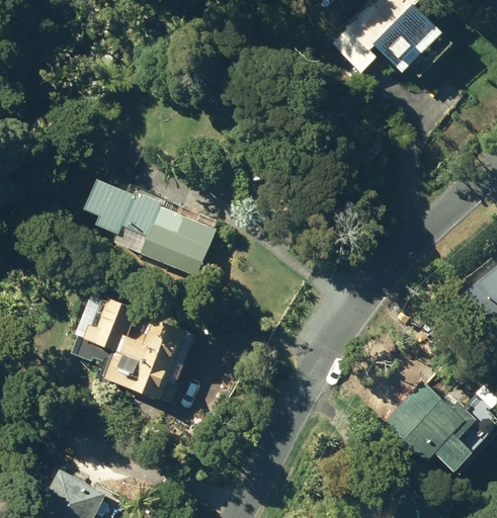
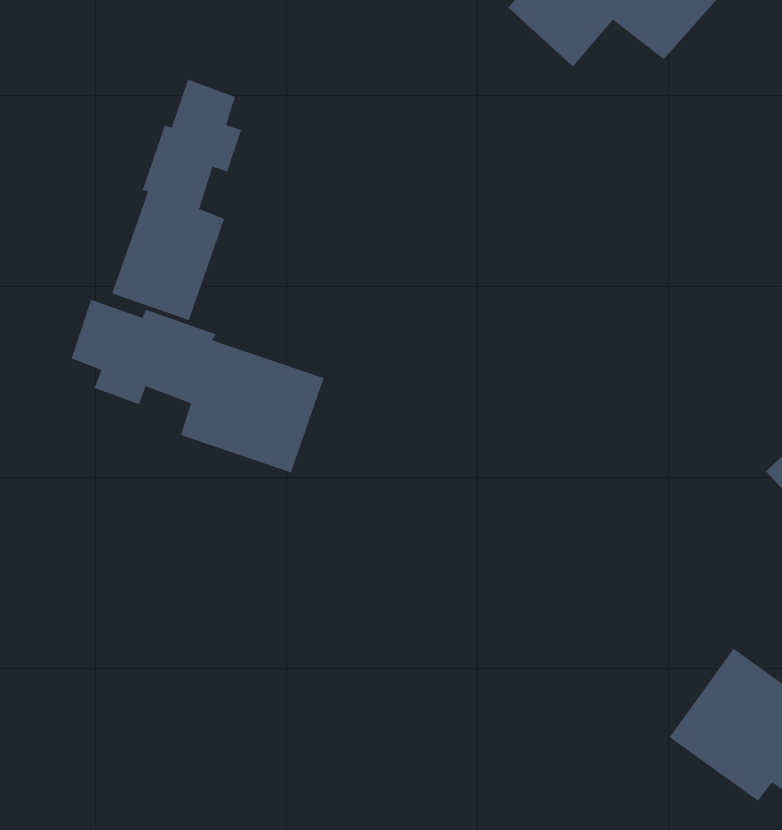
building: none -> [111,79,242,321]
building: [74,293,197,406] -> none

